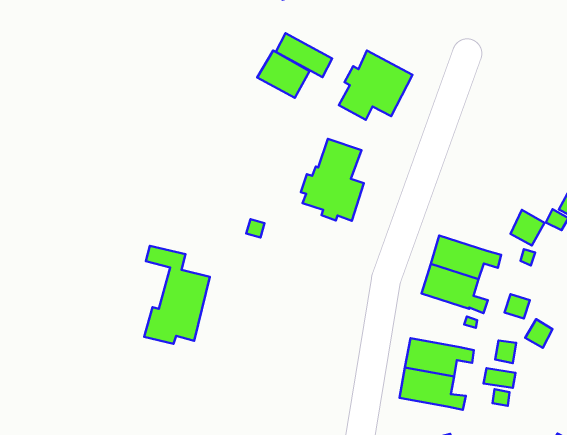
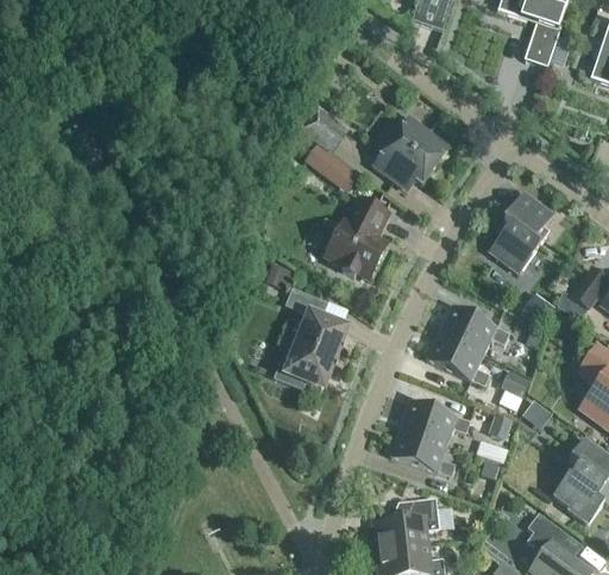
building: [276,33,332,77] -> [304,144,358,192]
building: none -> [489,192,553,271]
building: [144,246,210,344] -> [275,289,346,387]

